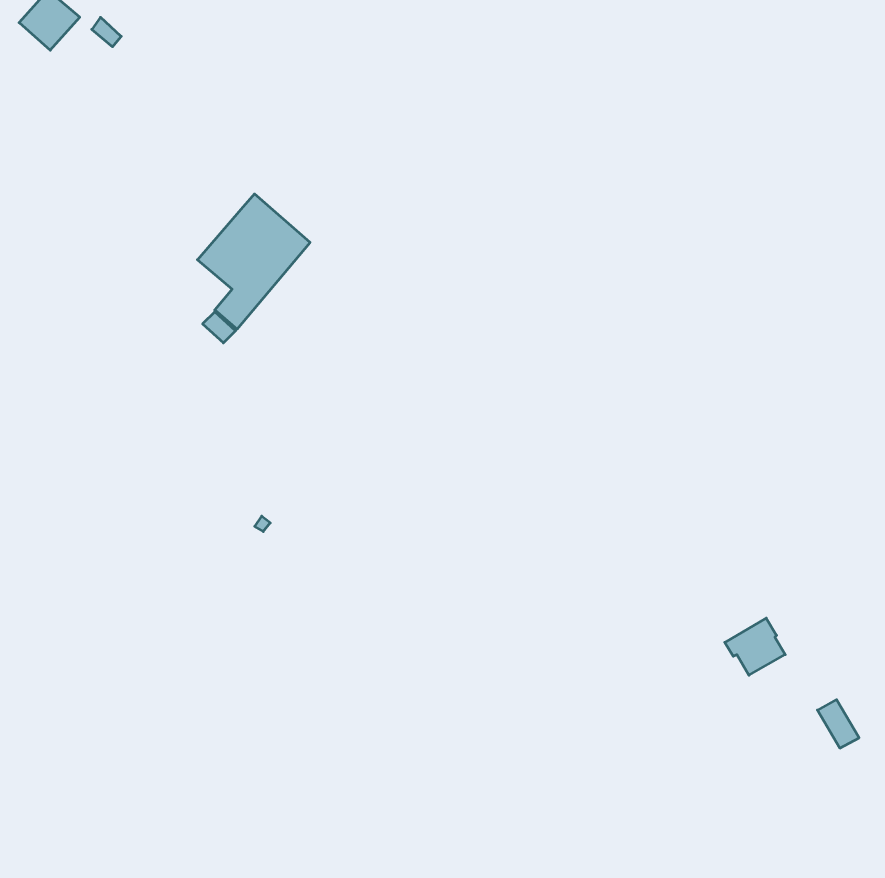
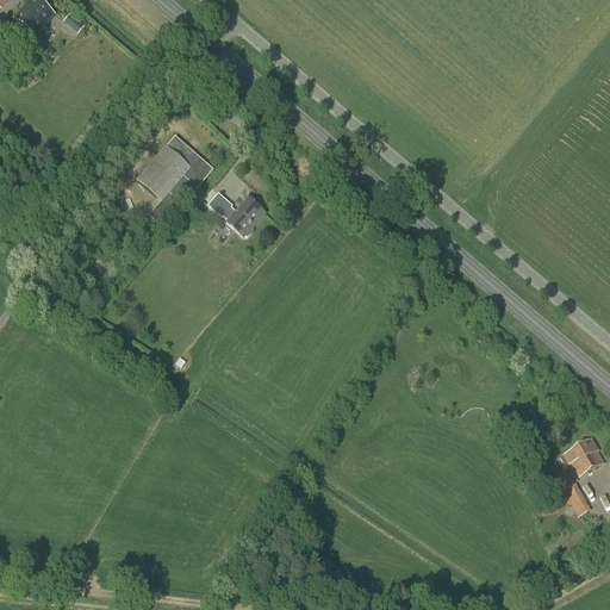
building: none -> [207,191,264,235]
building: [725,618,785,675] -> [562,436,604,475]

